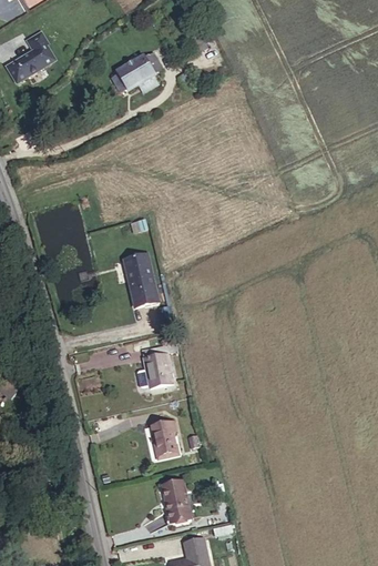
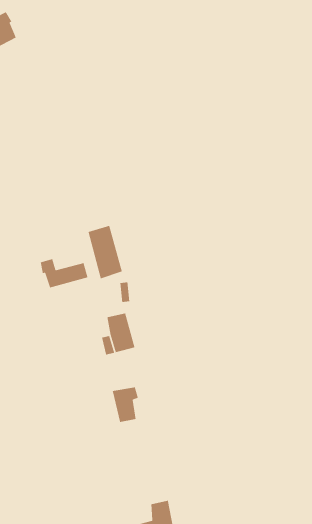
building: [111,55,161,97] -> none
building: none -> [40,258,89,288]
building: [162,479,190,523] -> none

